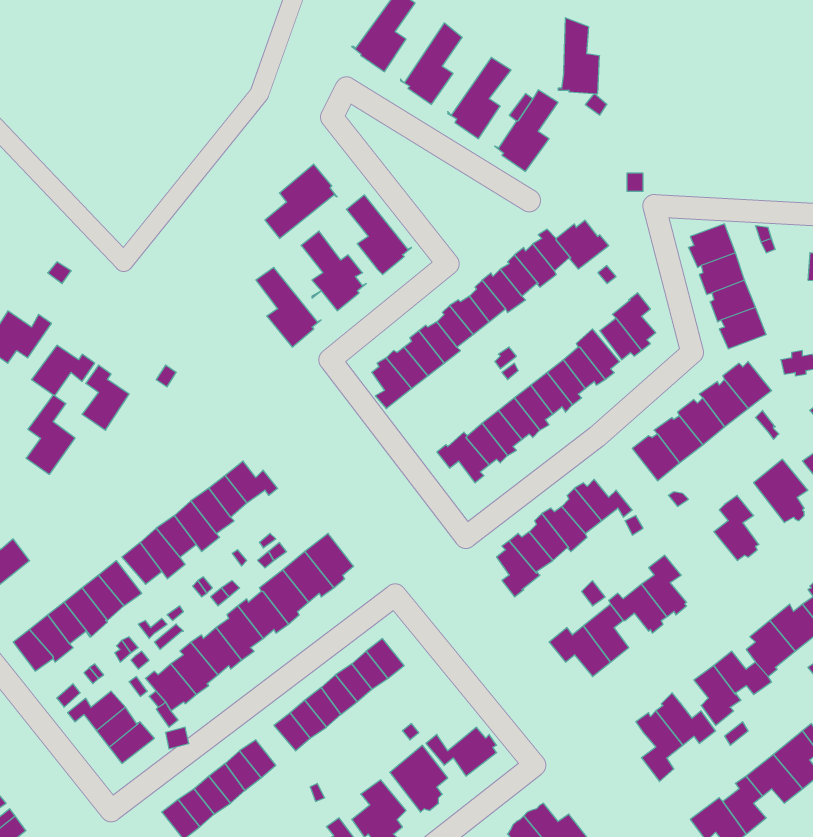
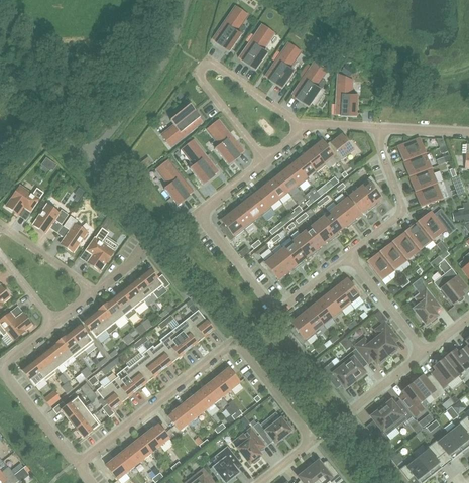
building: [558,18,600,94] -> [334,74,357,116]
building: [26,395,75,474] -> [87,226,114,270]

